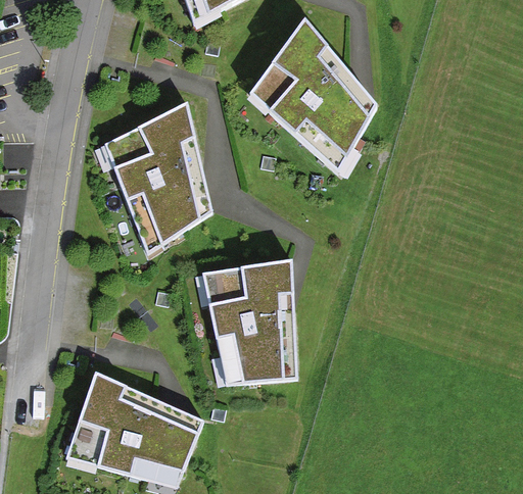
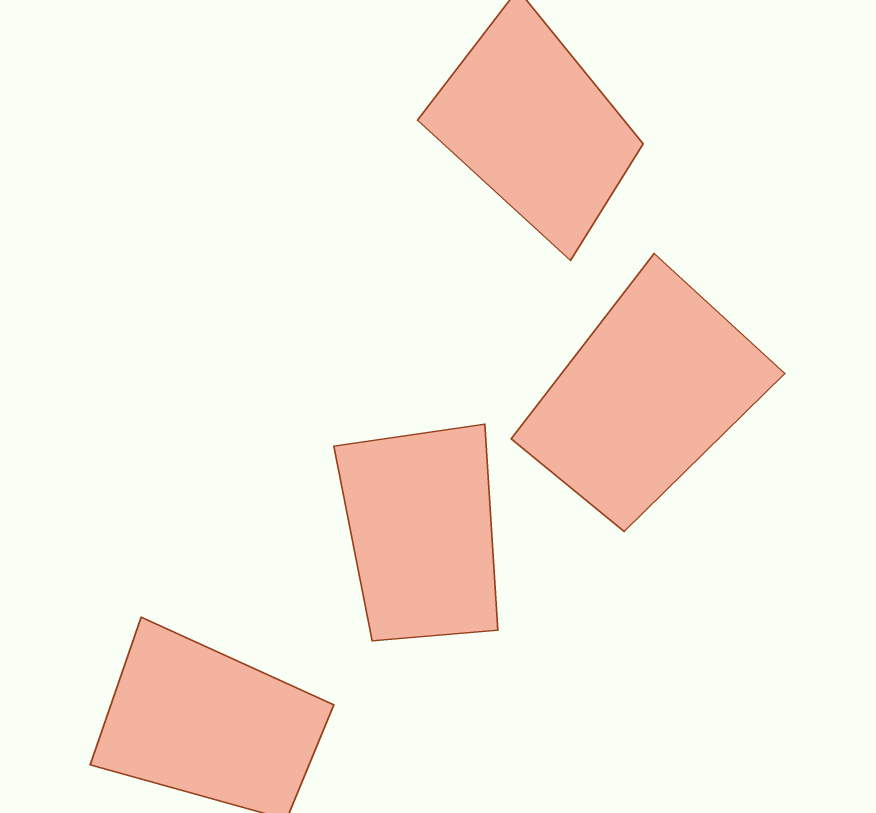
building: [106,104,210,251] -> none
building: none -> [511,254,785,531]

